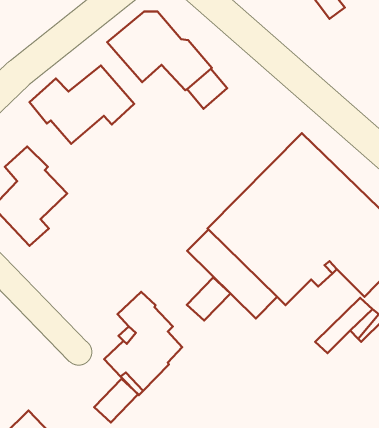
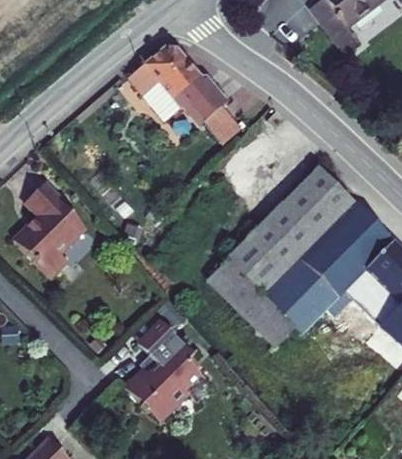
building: [30,66,134,144] -> none
building: [187,277,230,321] -> none
building: [94,379,138,422] -> none

